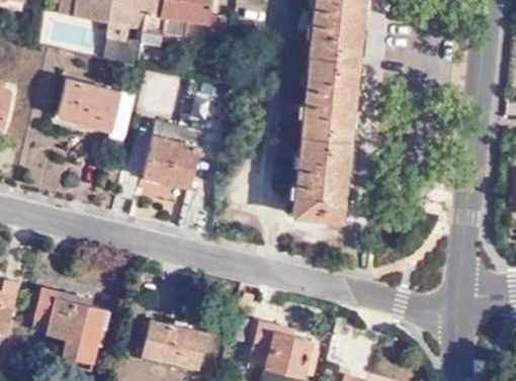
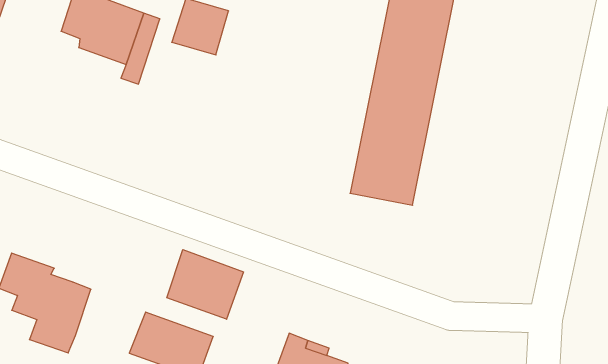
building: [140,121,197,186] -> none
building: none -> [167,250,244,319]

